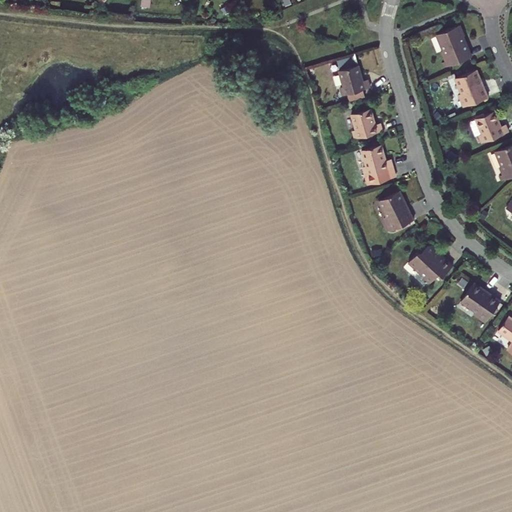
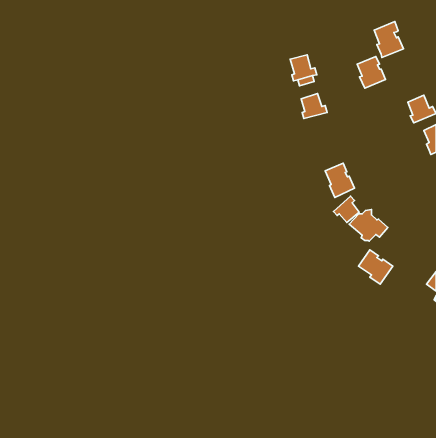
building: [454,71,487,108] -> [357,56,385,88]
building: [361,145,395,184] -> none
building: none -> [334,196,359,222]
building: [459,283,499,323] -> [359,250,393,284]

